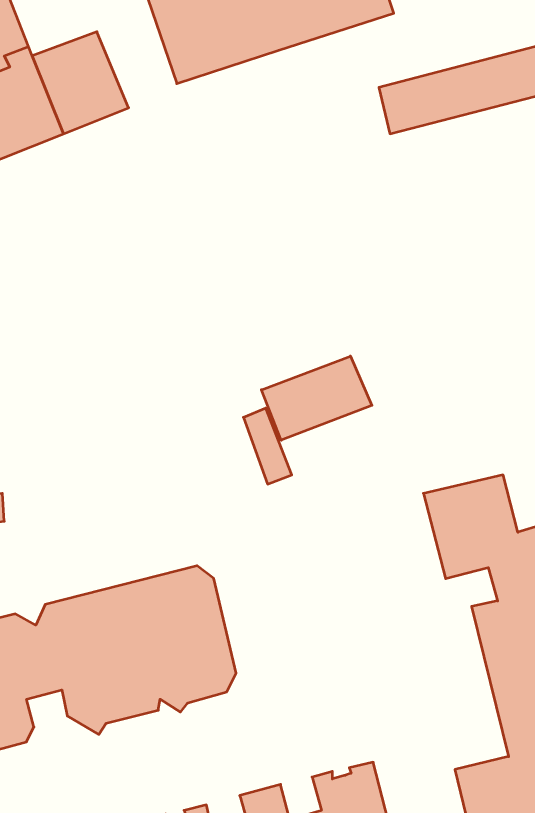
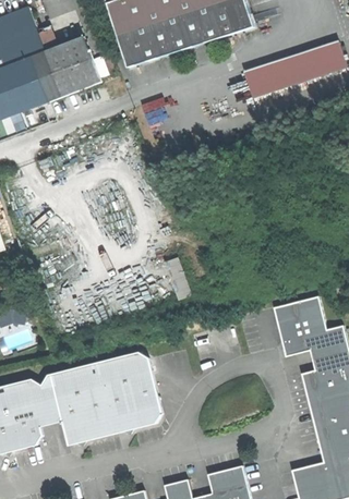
building: [261,356,372,440] -> none

